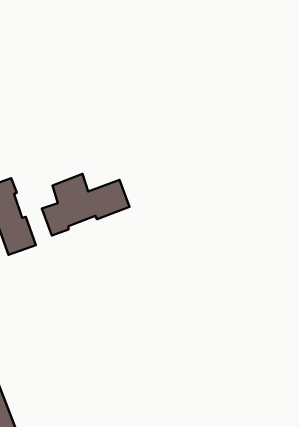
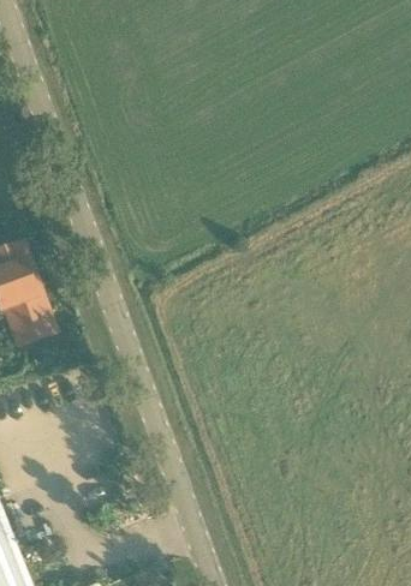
building: [42,174,129,236] -> none

